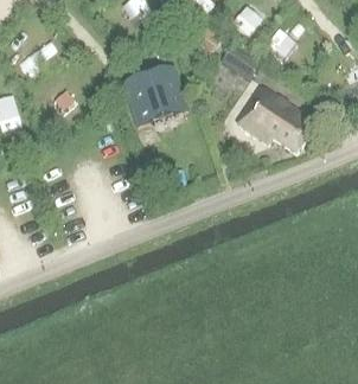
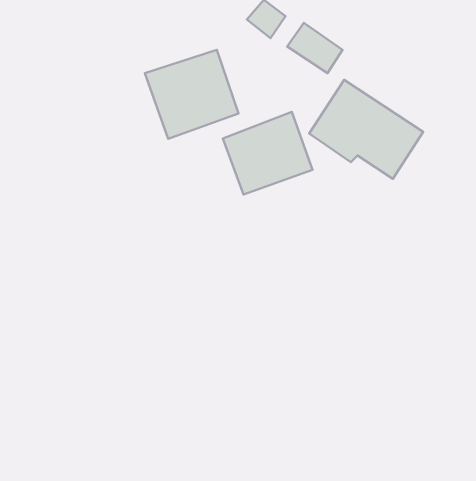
building: none -> [223,112,312,195]

